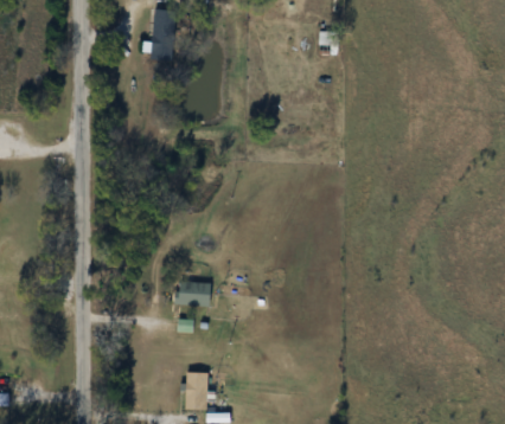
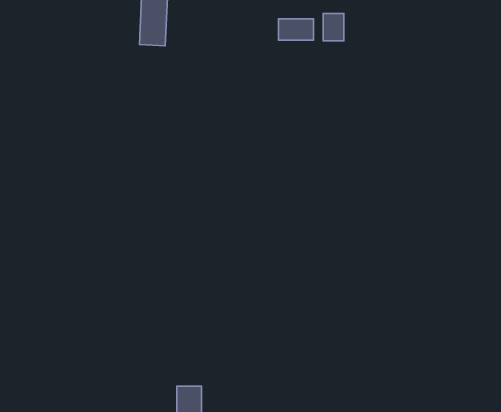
building: none -> [279,19,314,40]
building: [174,280,210,306] -> none

